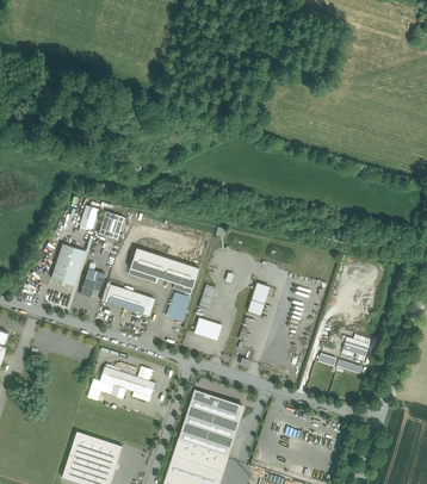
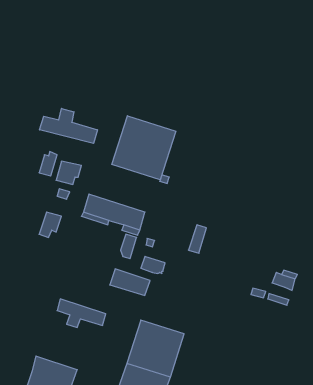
building: none -> [40,108,97,143]
building: none -> [112,116,176,180]
building: [50,243,85,285] -> none
building: [104,284,149,314] -> [110,269,150,295]

